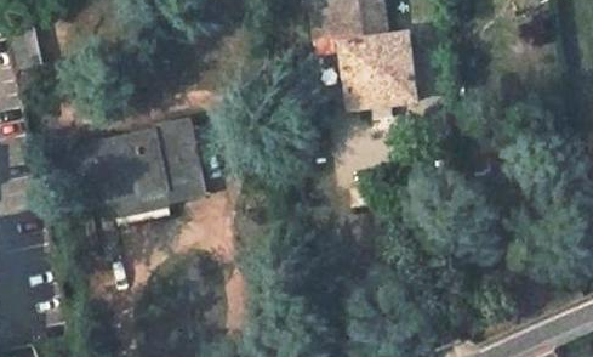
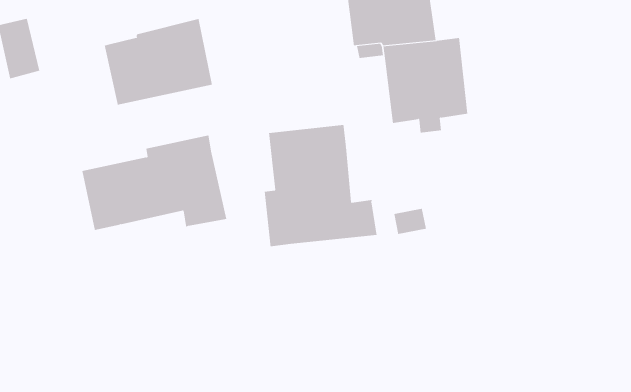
building: none -> [104,18,213,105]
building: none -> [264,124,377,247]

